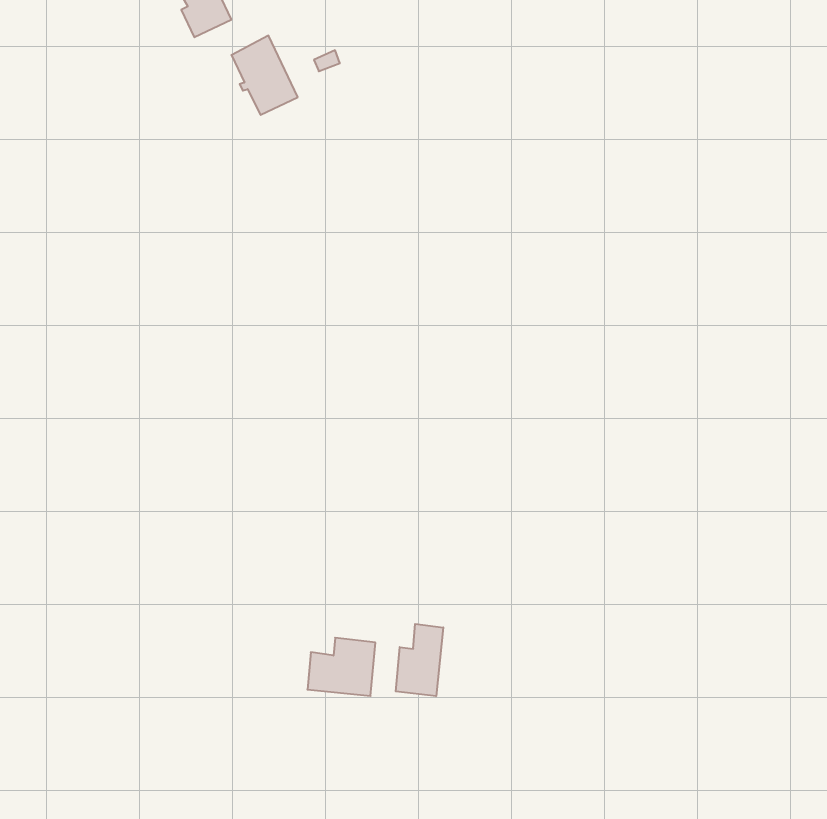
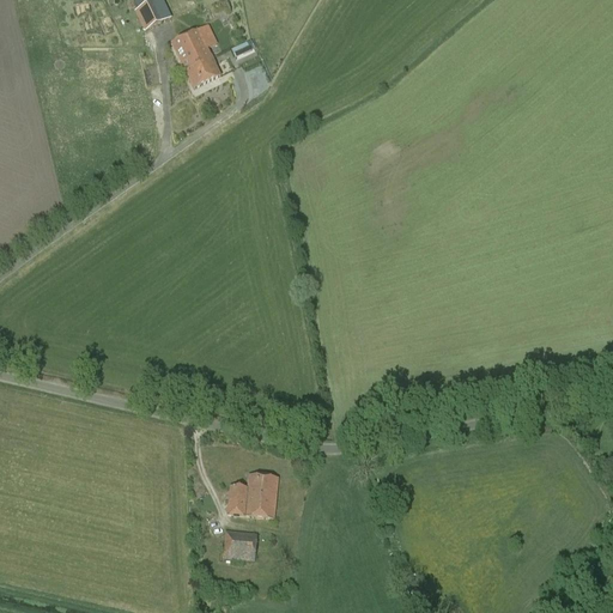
building: [396,624,443,696] -> none
building: none -> [221,528,257,558]

